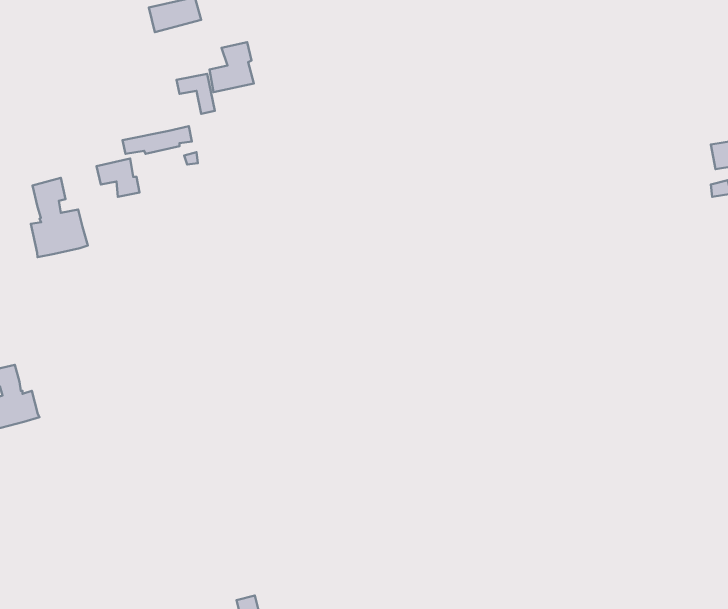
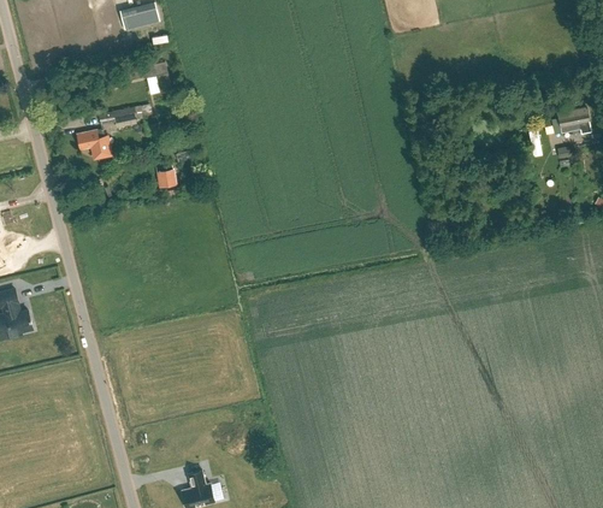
building: [209,42,254,92] -> none
building: [31,178,88,257] -> none

